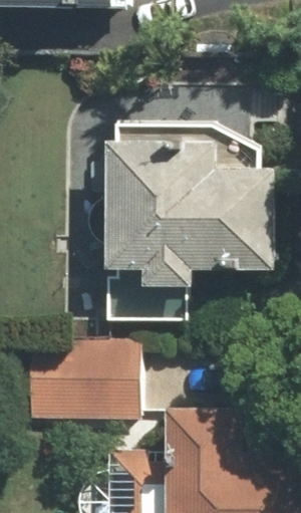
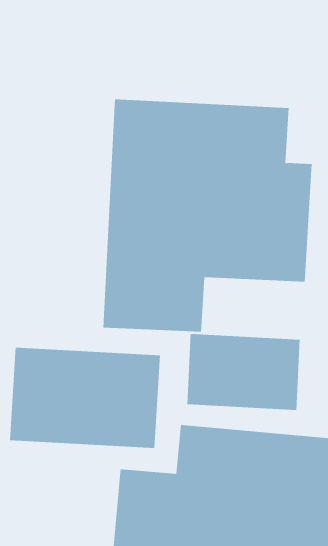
building: none -> [187,333,300,411]

